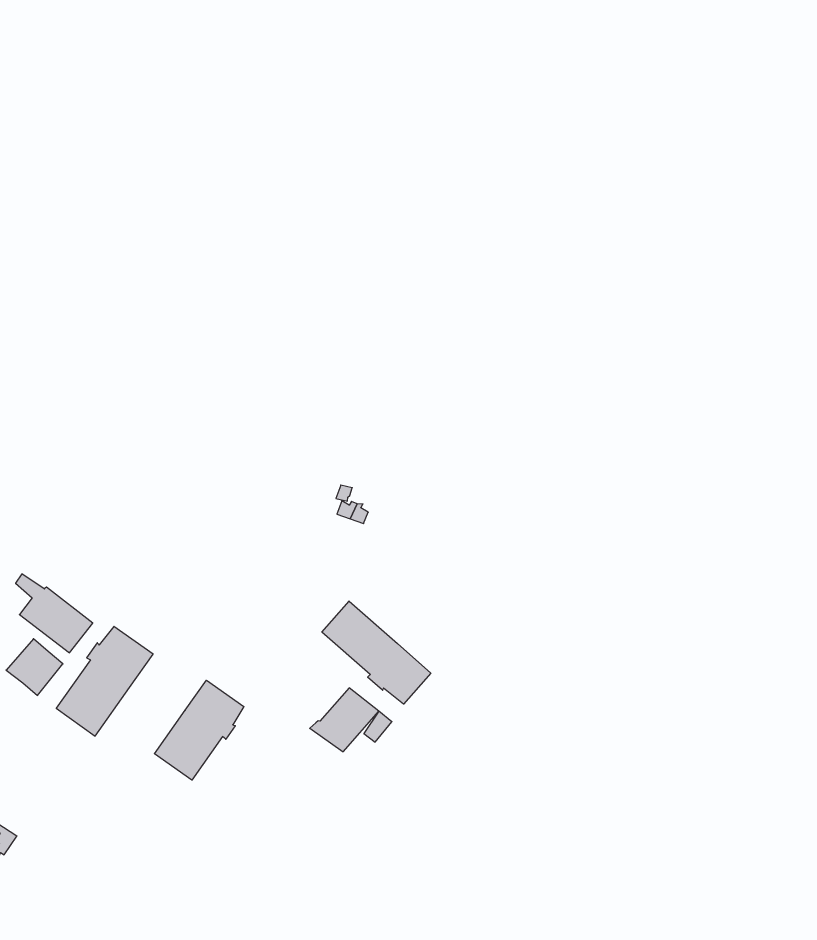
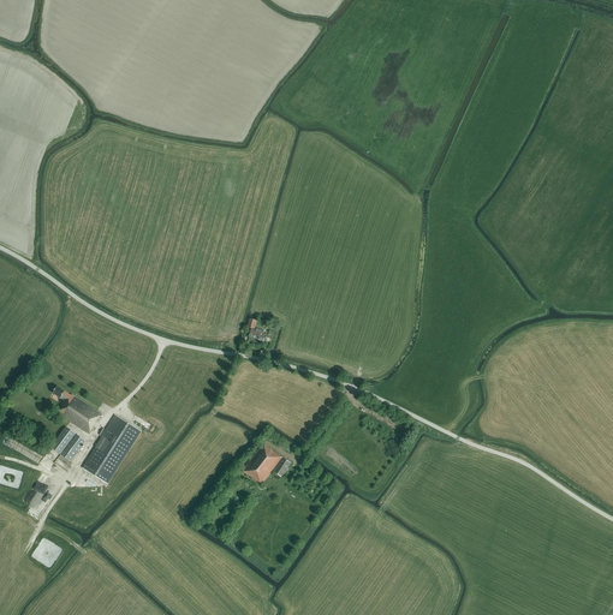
building: [322,601,431,704] -> none
building: [154,680,244,780] -> none

